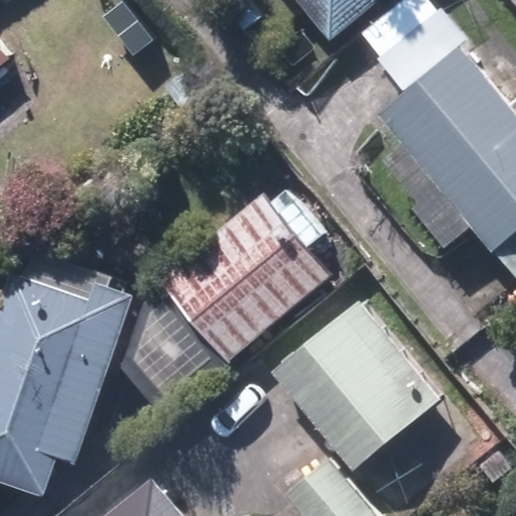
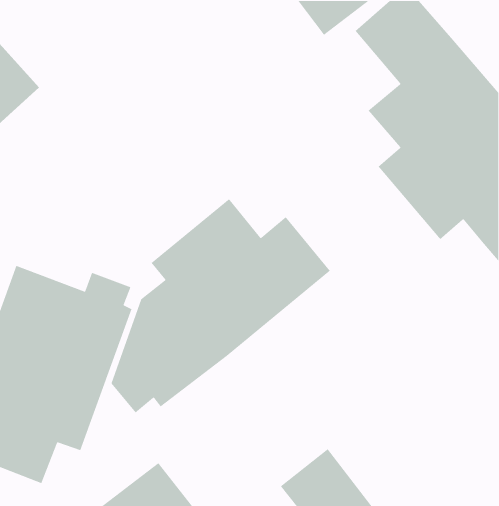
building: [271,297,441,470] -> none

